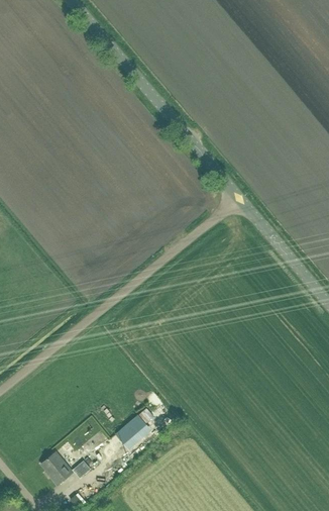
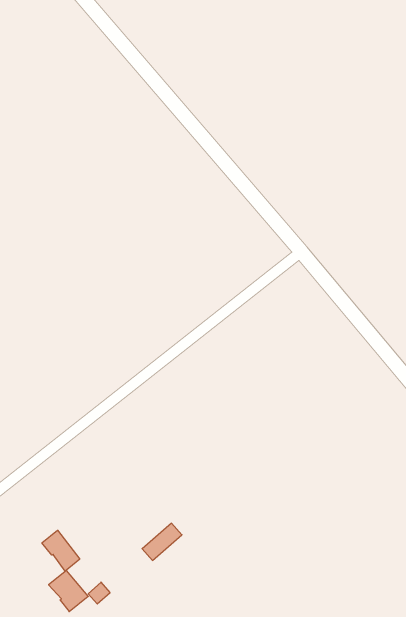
building: none -> [42,530,80,571]

